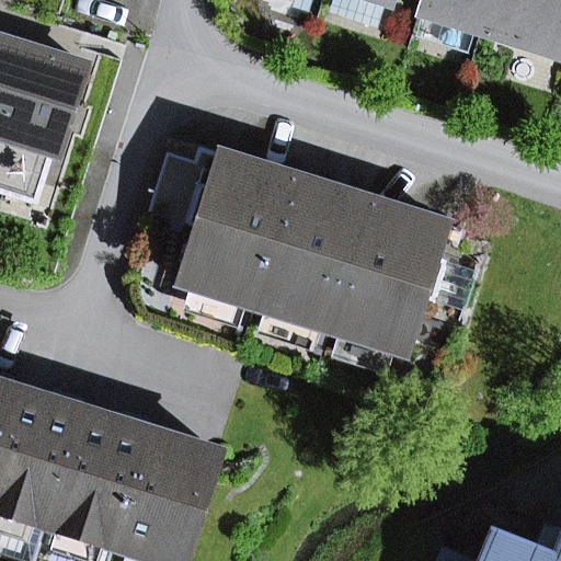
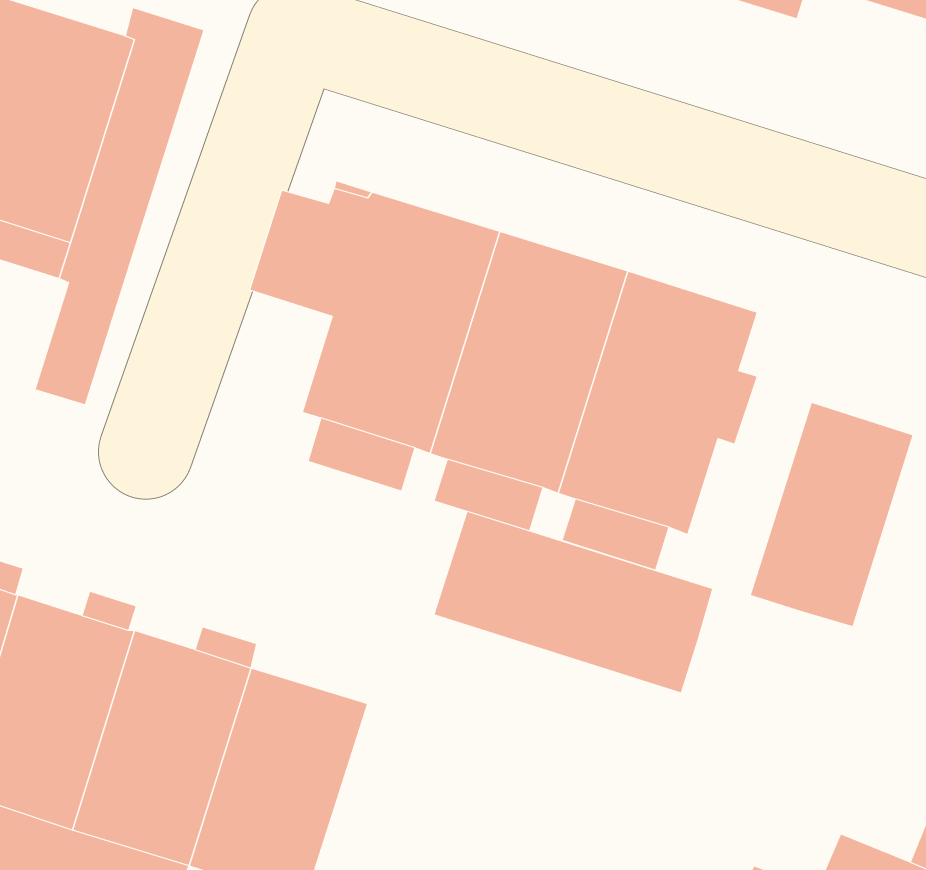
building: none -> [750,402,913,627]
building: none -> [434,511,713,693]

